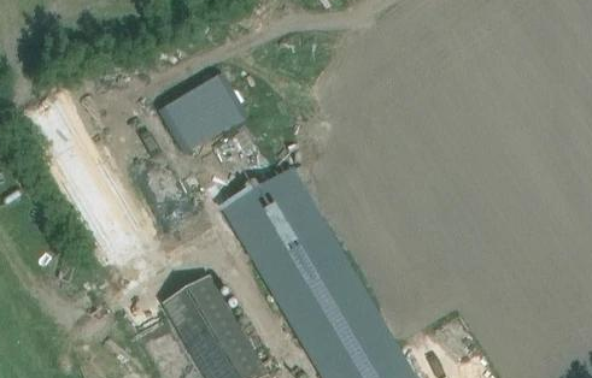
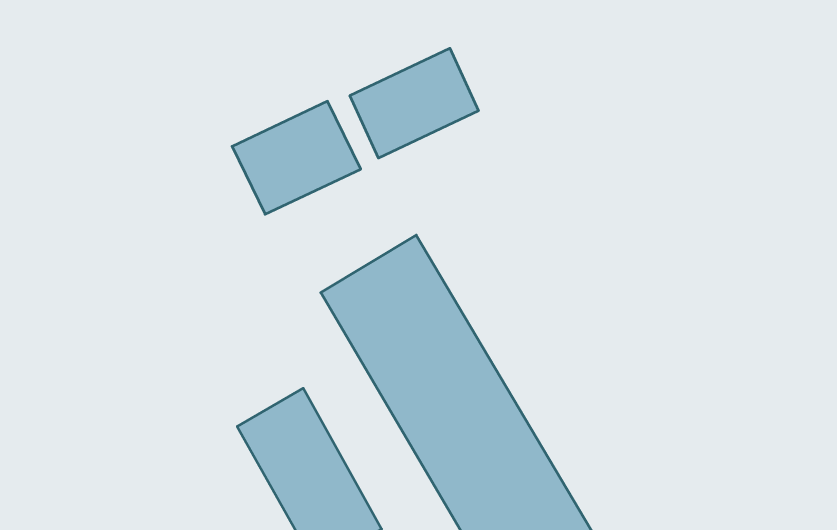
building: none -> [350,48,478,158]

